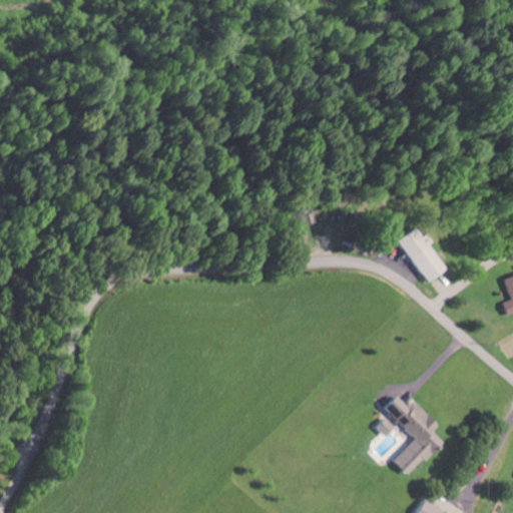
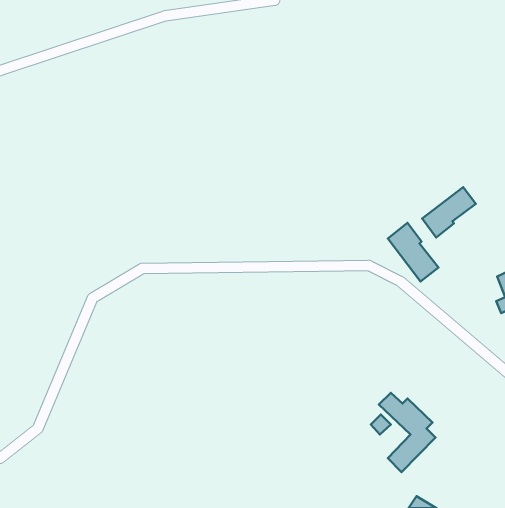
building: none -> [422,187,476,238]

